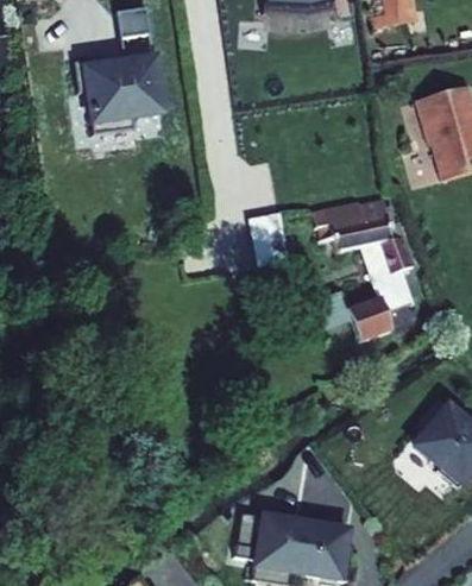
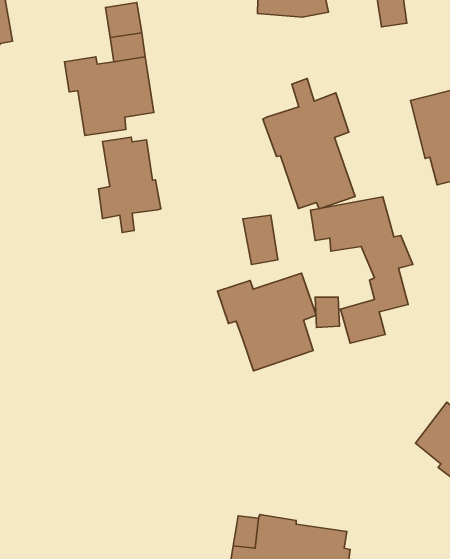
building: none -> [263,78,355,209]
building: none -> [99,137,161,233]
building: none -> [217,273,316,371]

